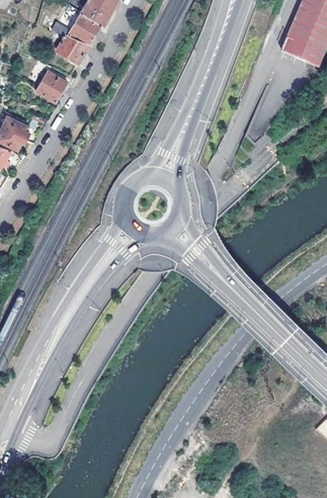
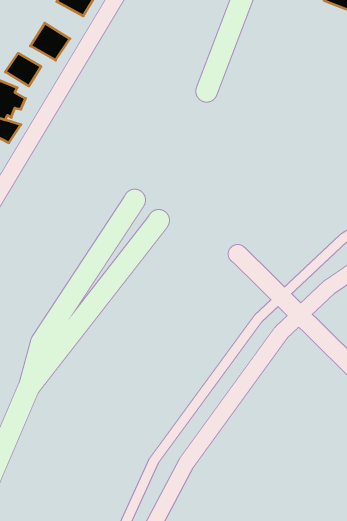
building: none -> [5,53,41,86]

